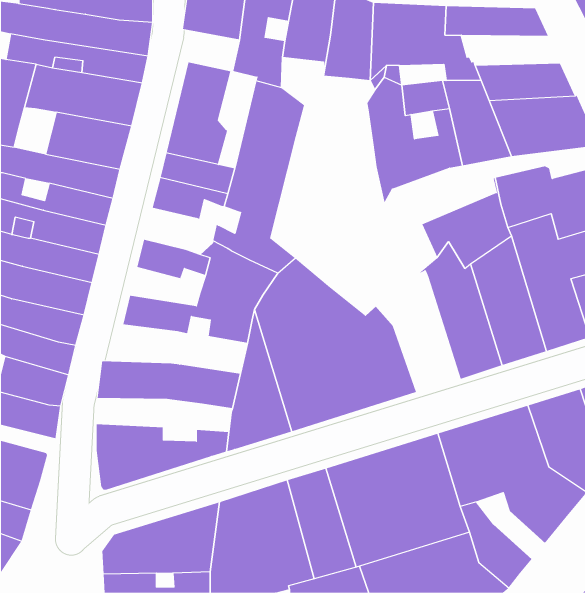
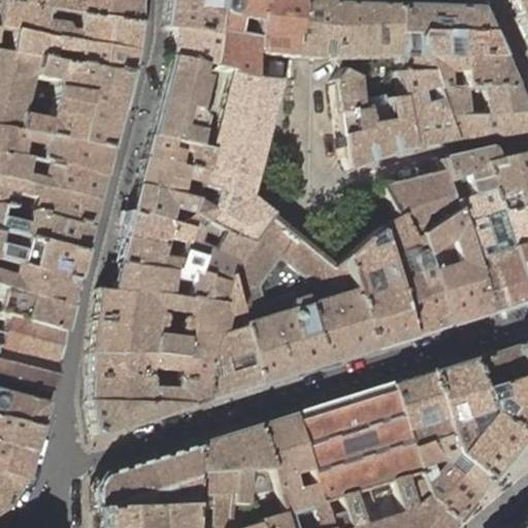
building: none -> [171,26,222,63]
building: none -> [418,31,505,58]
building: none -> [137,184,201,221]
building: none -> [125,236,187,270]
building: none -> [342,239,417,346]
building: none -> [100,286,229,330]
building: none -> [95,352,216,382]
building: none -> [431,435,492,494]

